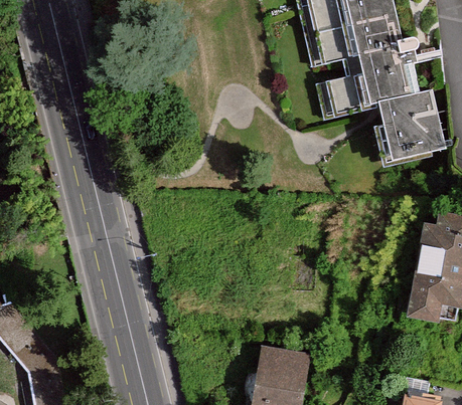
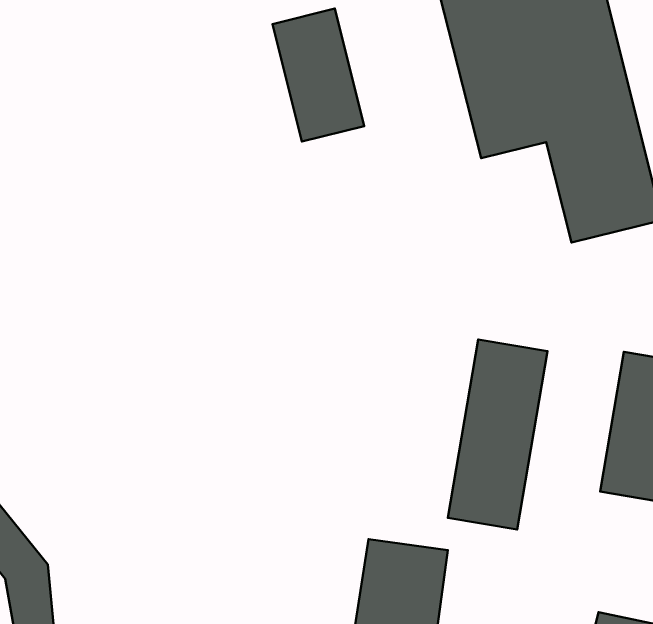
building: none -> [272,9,364,142]
building: none -> [448,339,547,530]

